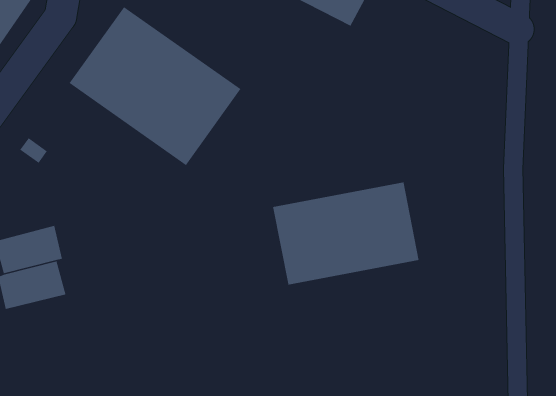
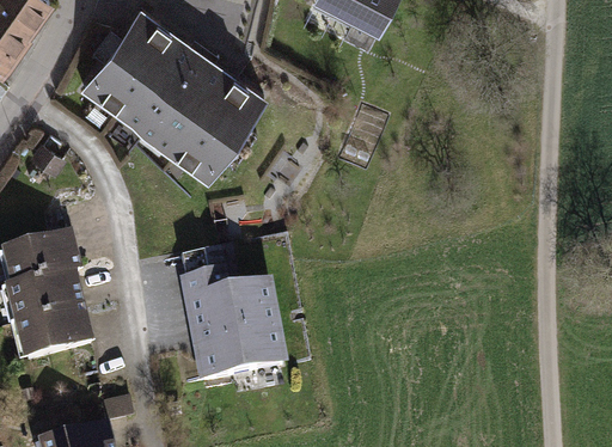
building: [272,182,420,285] -> none
building: none -> [180,256,281,384]
building: none -> [18,313,90,365]

